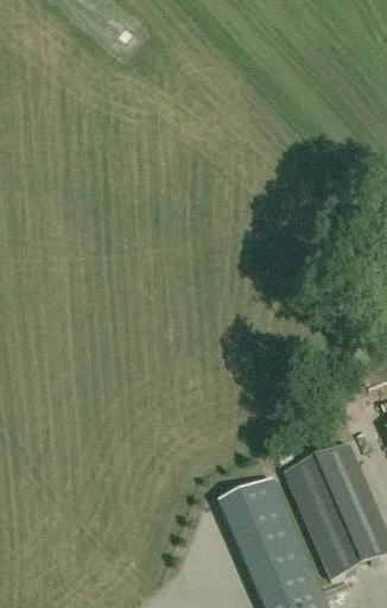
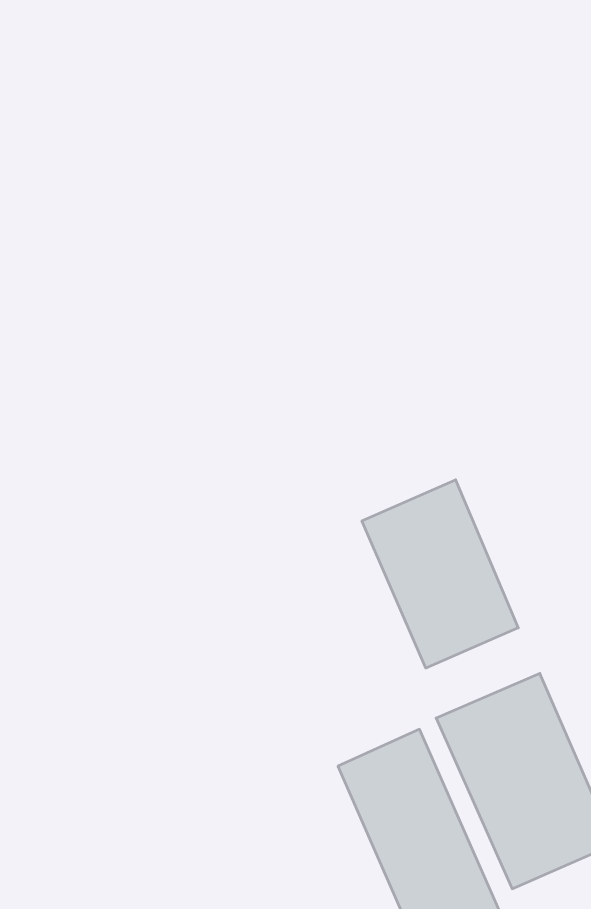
building: none -> [362,480,518,668]

